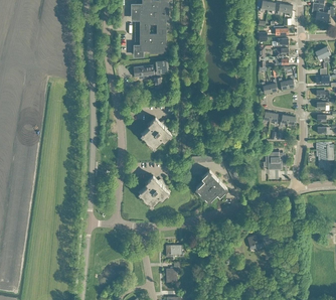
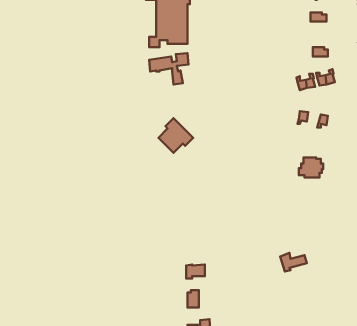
building: [196,170,227,201] -> none
building: [139,175,170,206] -> none

